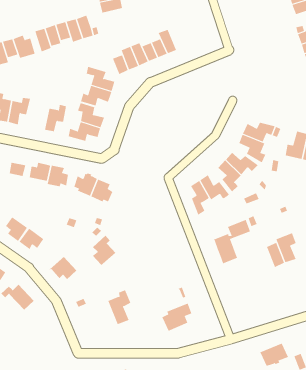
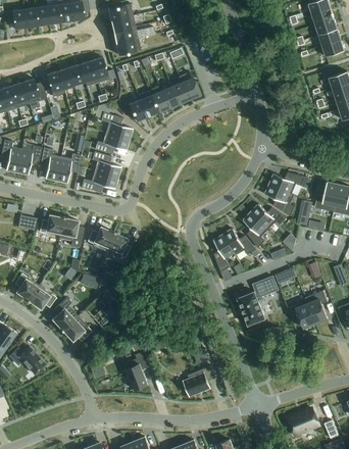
building: none -> [39,148,60,181]
building: [92,235,116,266] -> [51,297,77,331]

